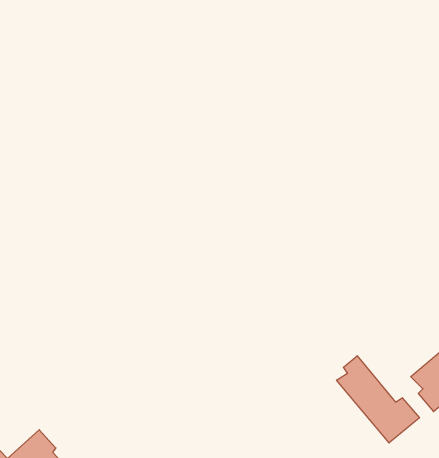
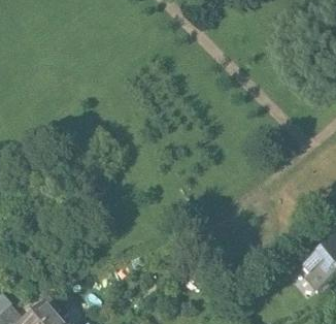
building: [337,356,419,443] -> none

